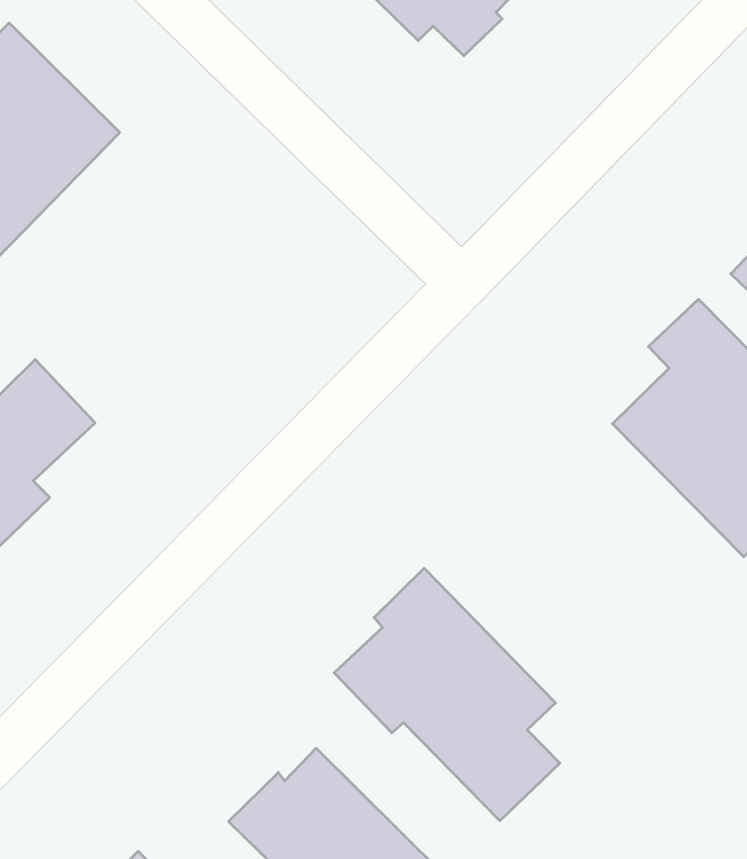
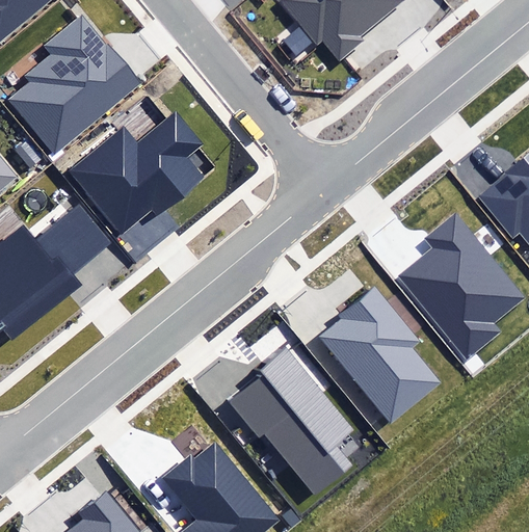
building: none -> [70,109,203,233]
building: none -> [320,287,440,422]

